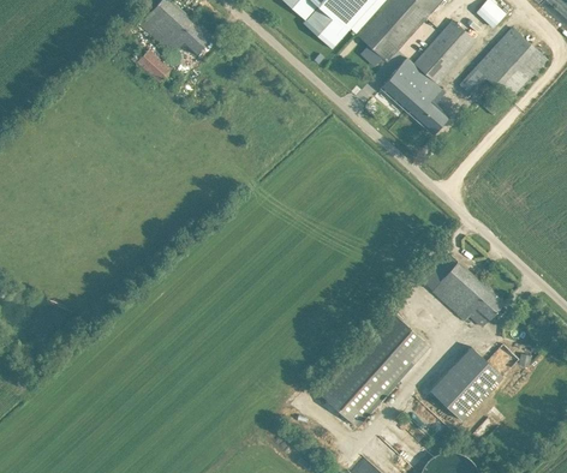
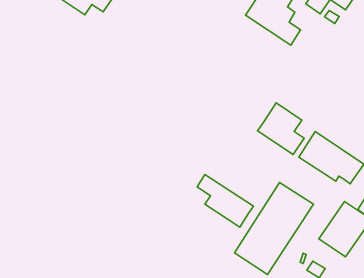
building: [136,47,171,82] -> none
building: none -> [258,103,304,155]
building: none -> [197,174,254,227]

